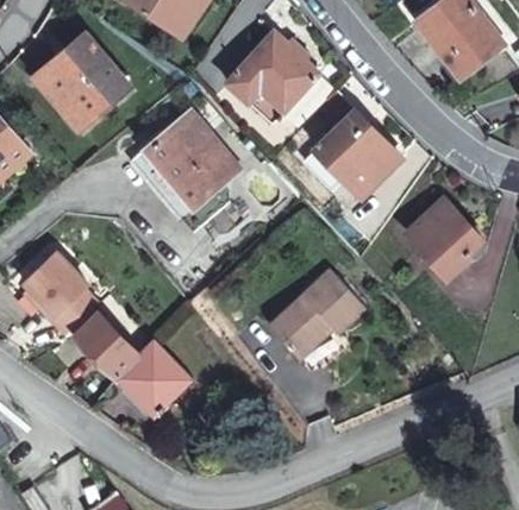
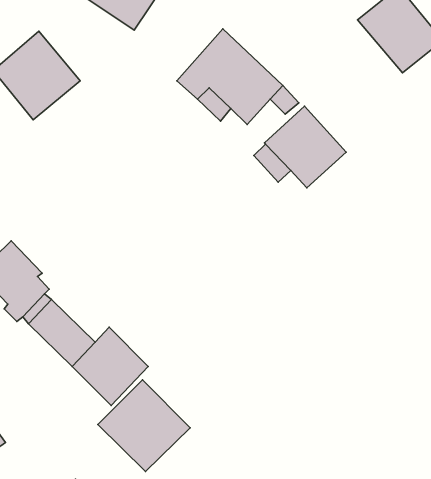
building: [131,112,239,216] -> none
building: [407,197,481,276] -> none
building: [267,269,363,357] -> none
building: none -> [98,380,190,471]

